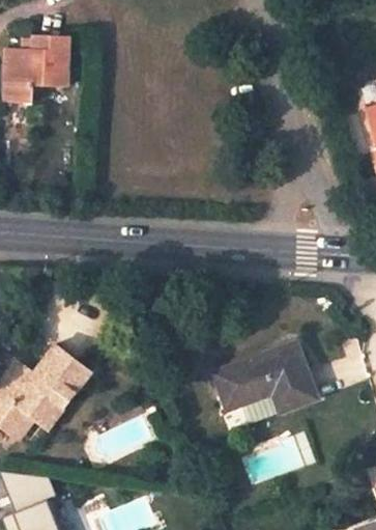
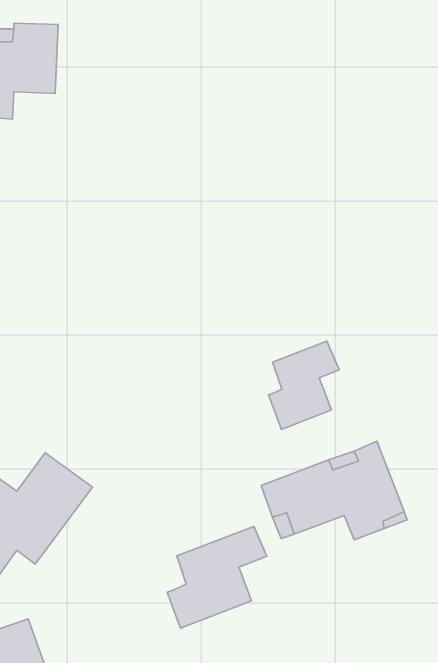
building: none -> [268,341,339,429]
building: none -> [167,526,267,628]

